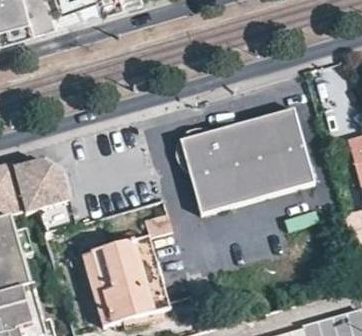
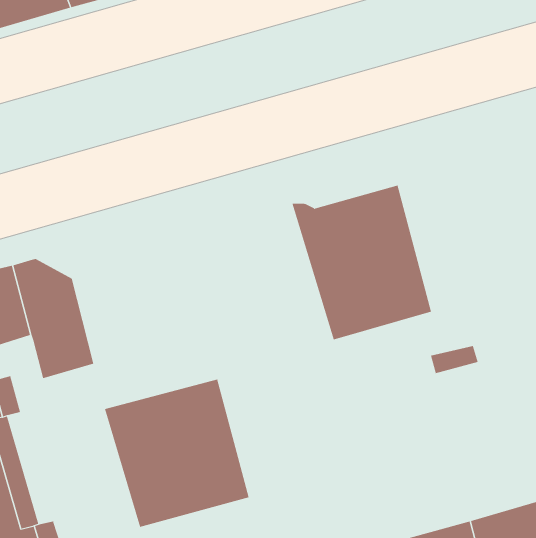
building: [258,109,314,194] -> none
building: [174,129,219,215] -> none

